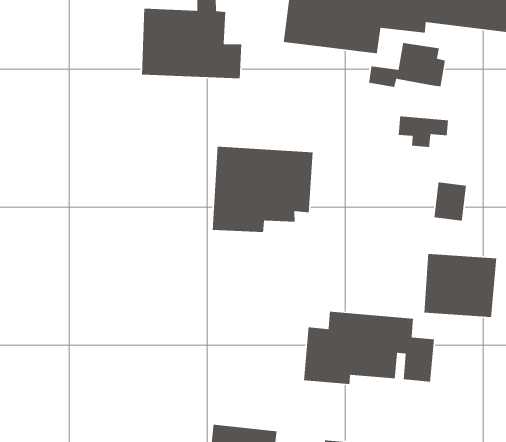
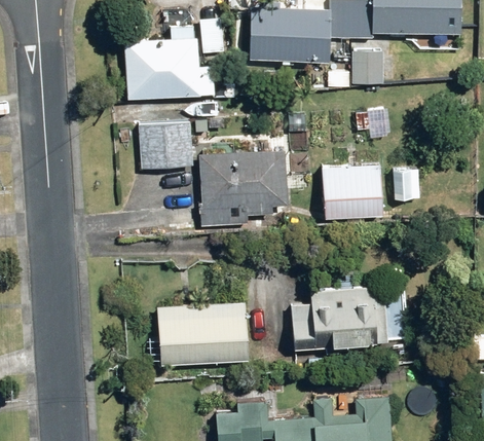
building: none -> [140,122,193,169]
building: [424,253,497,318] -> [323,164,383,218]
building: none -> [159,303,249,366]

